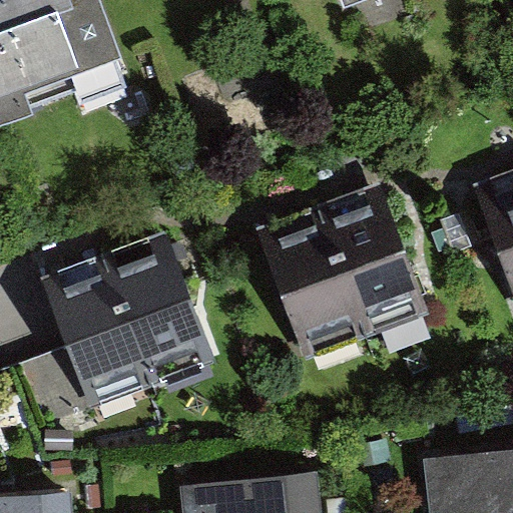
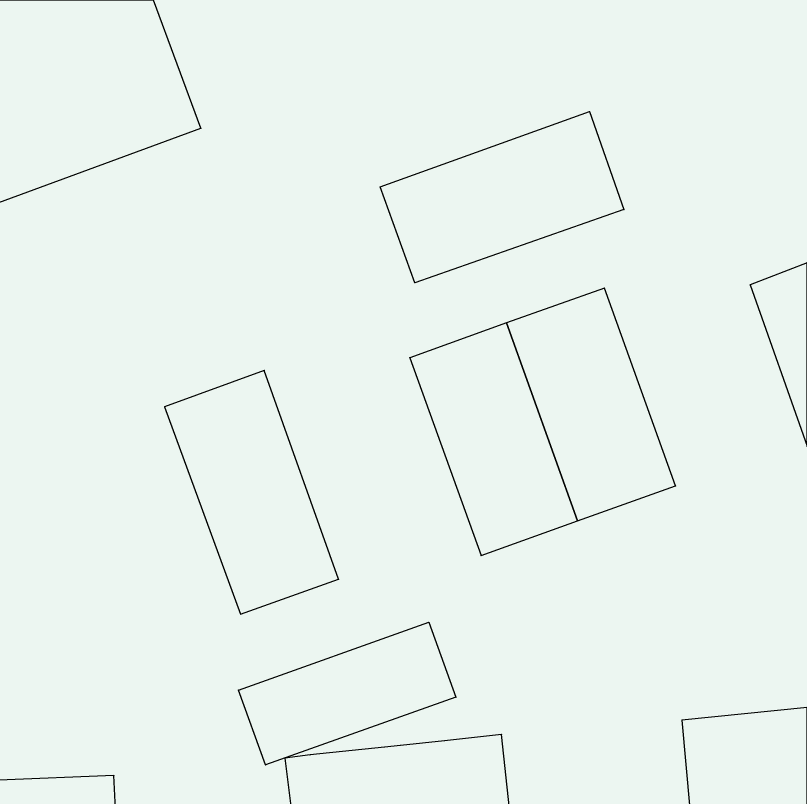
building: none -> [380,112,624,283]
building: [42,261,152,415] -> none
building: none -> [238,622,456,765]

